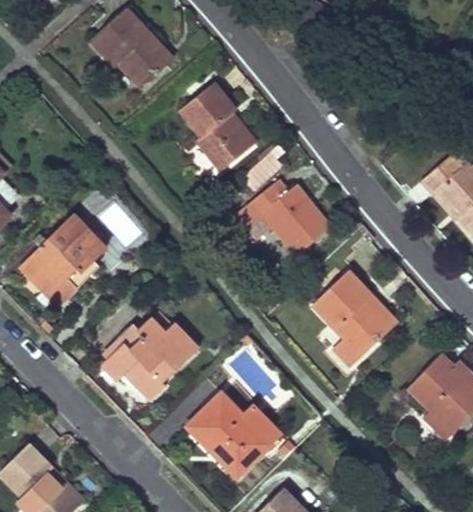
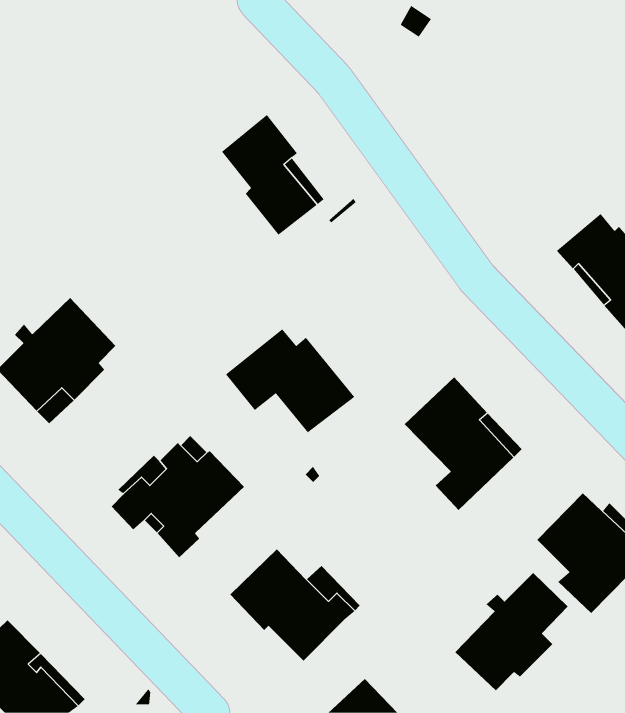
building: [92,8,173,87] -> none
building: [237,179,330,254] -> [225,329,355,433]
building: none -> [454,572,568,691]

